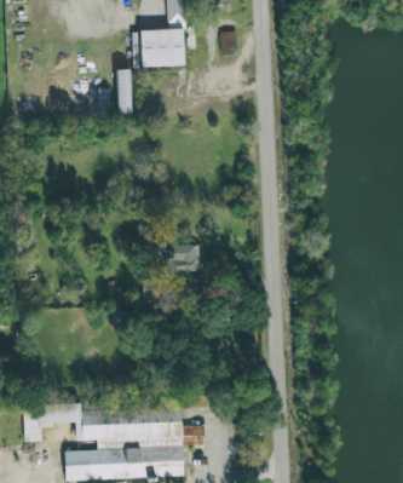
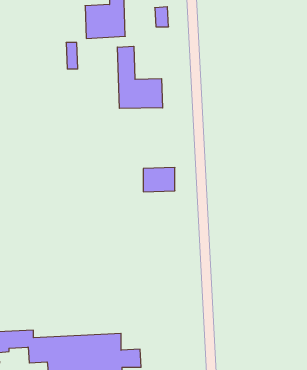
building: none -> [117,46,163,108]
building: [161,245,197,272] -> [143,168,175,192]

